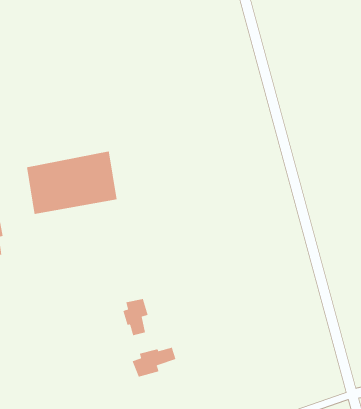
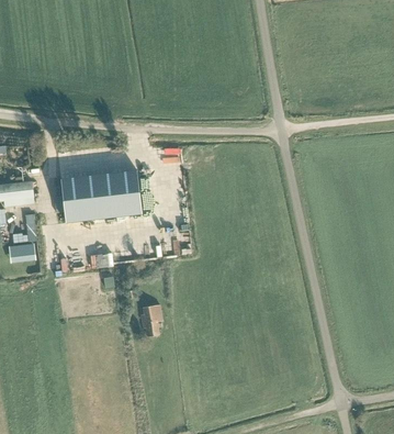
building: [132,347,176,378] -> none

